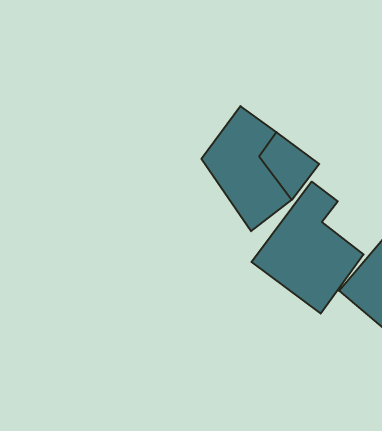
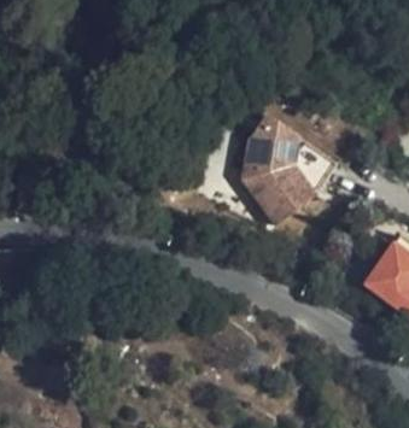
building: [251,182,364,314] -> none

